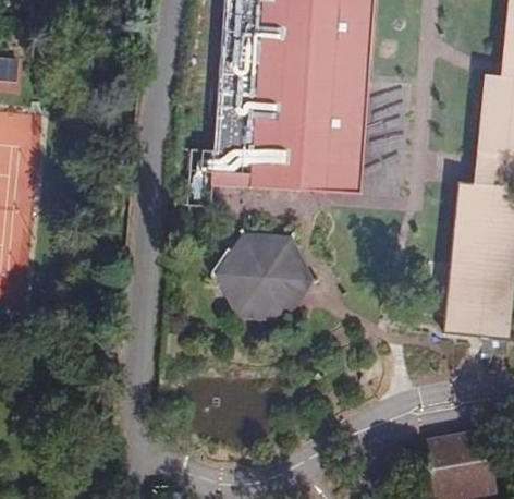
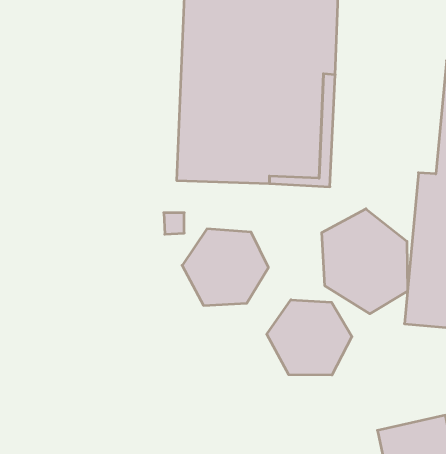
building: none -> [322,209,407,314]
building: none -> [267,300,352,375]

